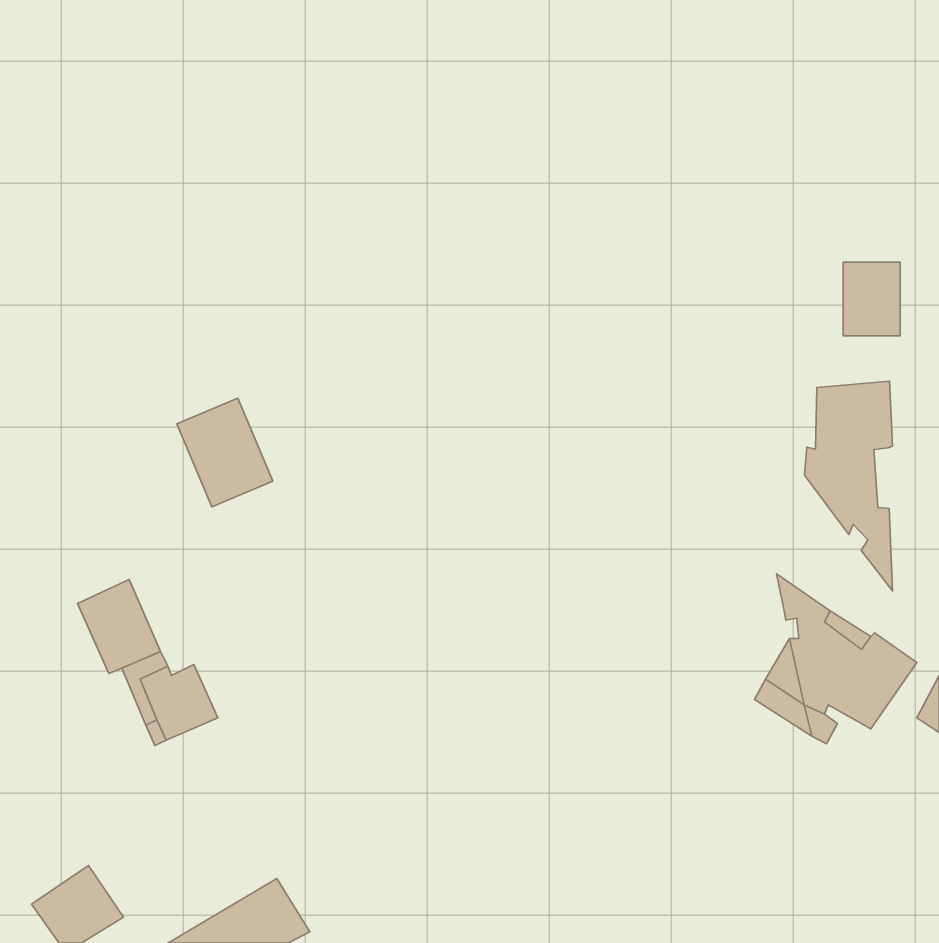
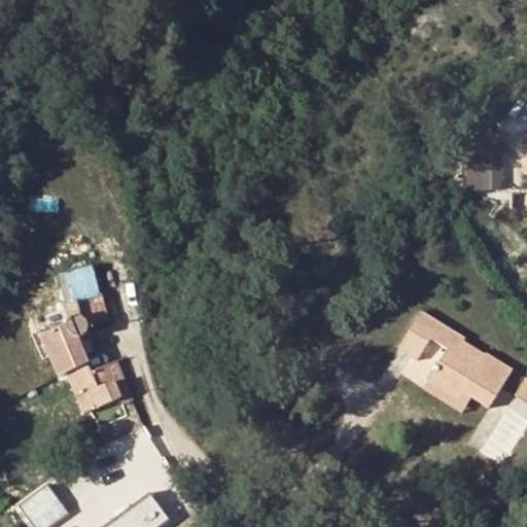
building: [804,381,893,591] -> none
building: [177,398,273,507] -> [52,262,106,323]
building: none -> [398,313,437,361]

